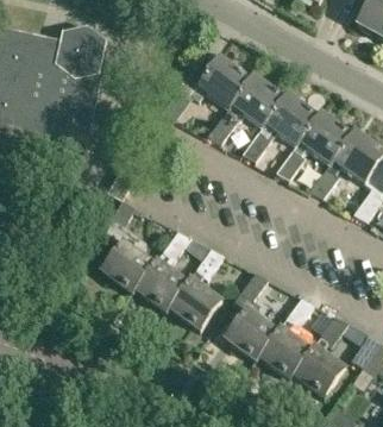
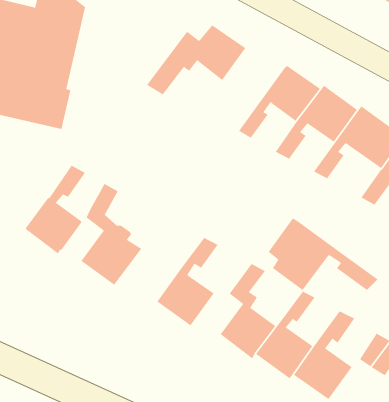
building: [208,74,283,140] -> none
building: [131,230,190,310] -> [20,165,86,254]
building: none -> [268,218,379,291]

